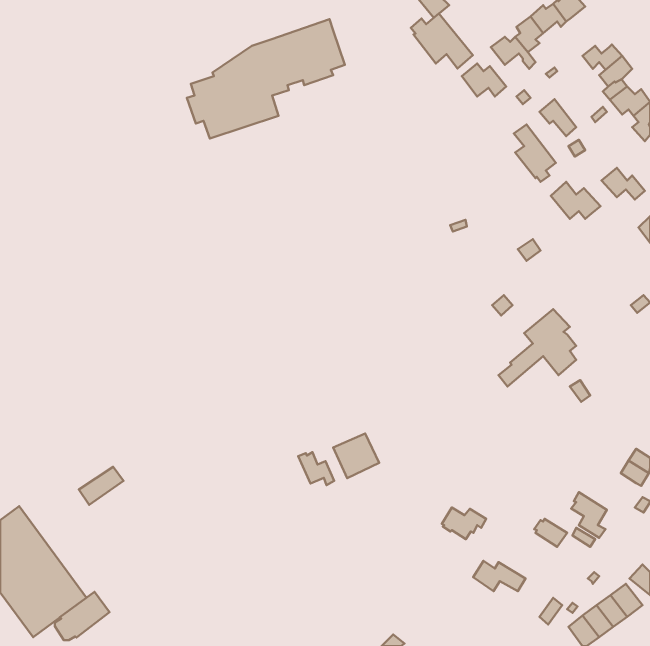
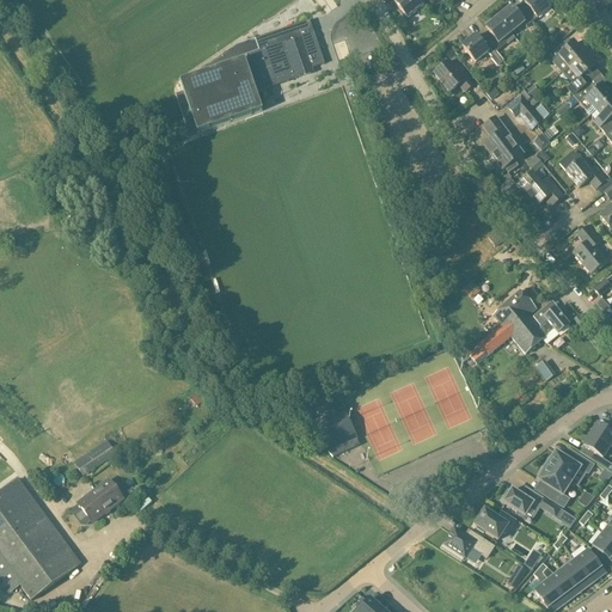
building: [411,14,473,69] -> none
building: none -> [574,225,606,273]
building: none -> [533,304,568,342]
building: [298,452,334,485] -> none
building: none -> [544,449,593,479]
building: [442,507,486,539] -> [475,508,516,538]
building: [55,592,110,640] -> [72,478,123,524]

